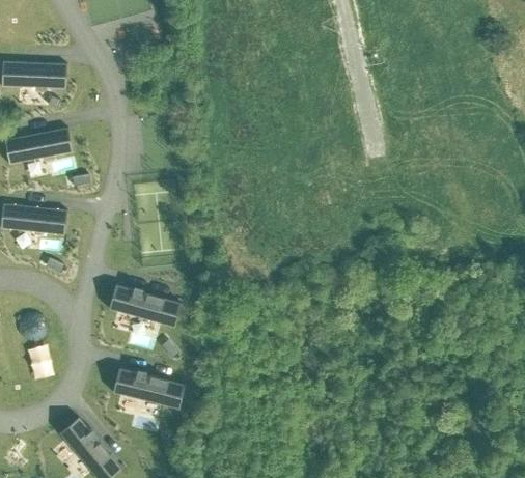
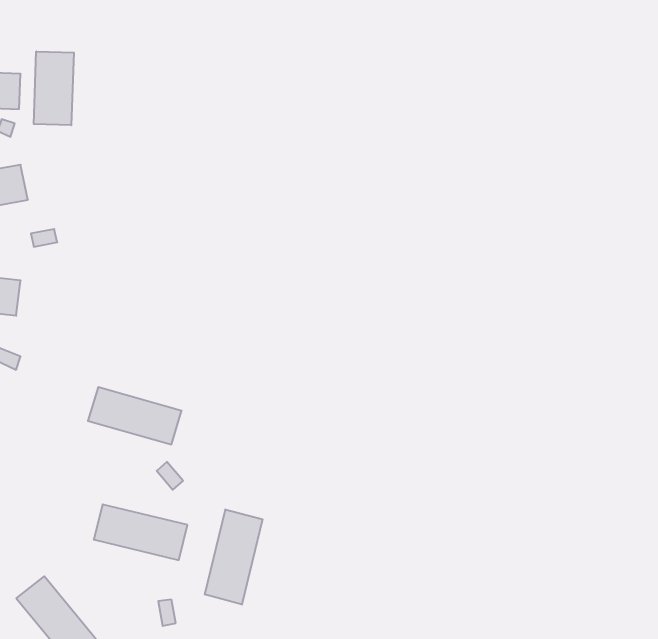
building: none -> [34,51,74,125]
building: none -> [205,509,262,605]

